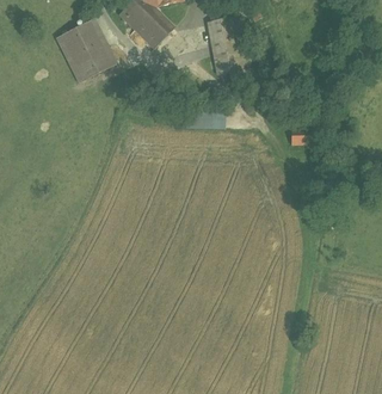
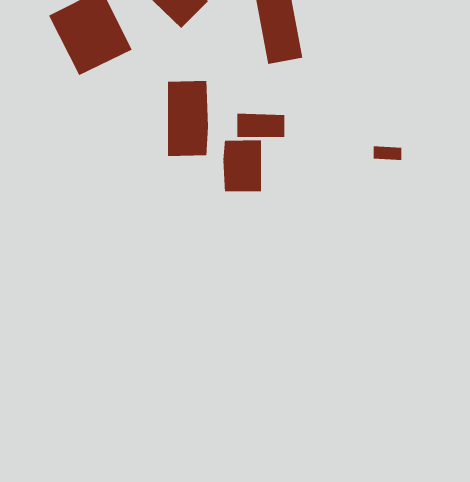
building: none -> [168,80,209,157]
building: none -> [223,140,262,192]

